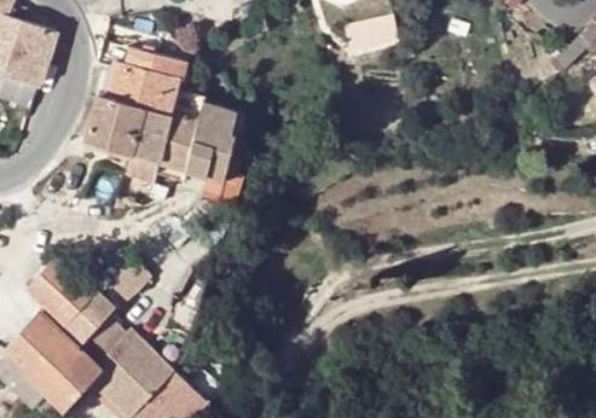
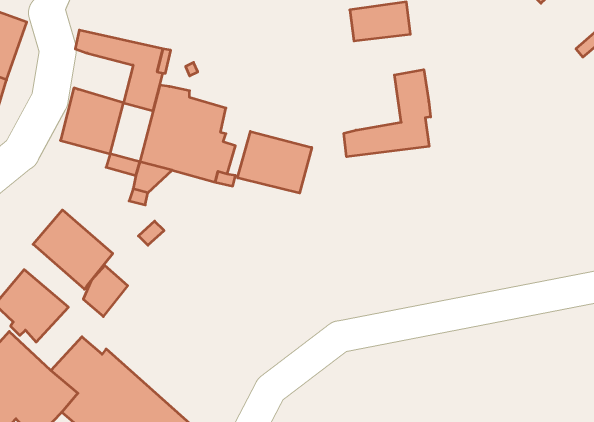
building: [103,62,152,106] -> none
building: none -> [344,70,431,157]
building: none -> [238,131,312,193]
building: none -> [33,210,113,289]

